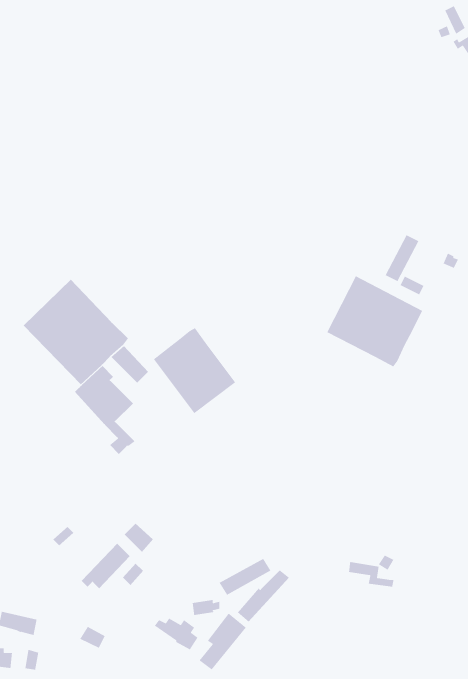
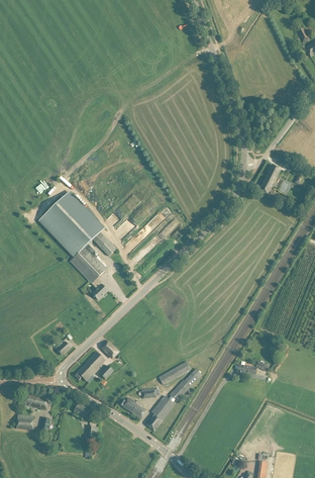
building: [326,275,423,368] -> none
building: [153,327,236,414] -> none

